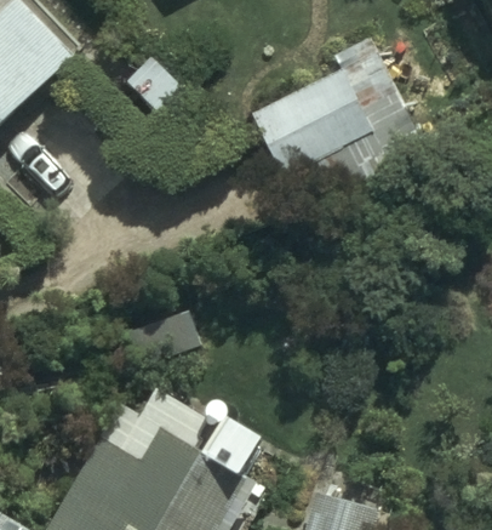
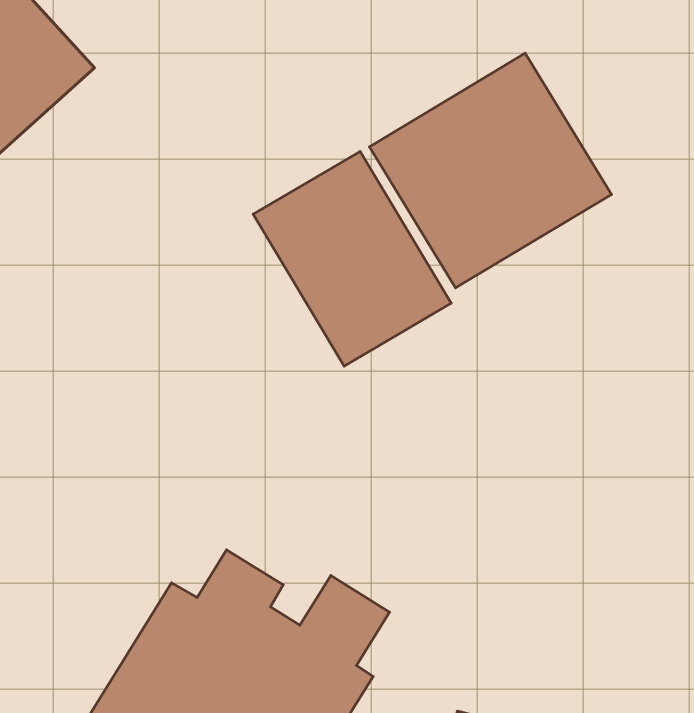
building: none -> [253,151,451,366]

